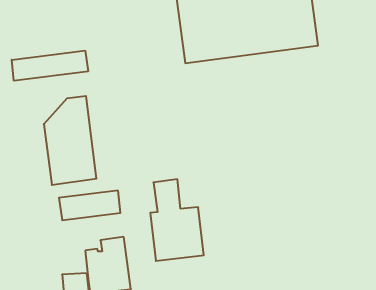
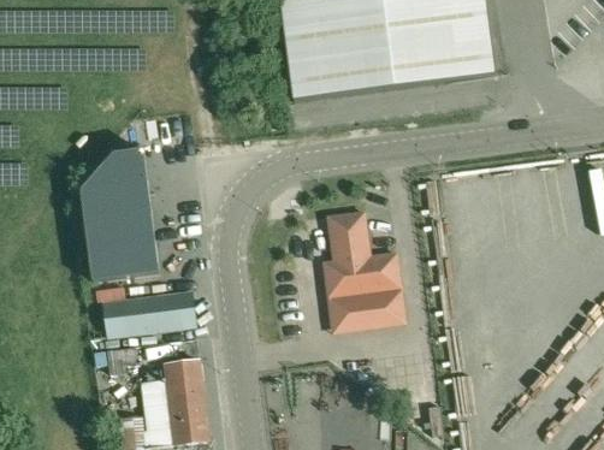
building: [12,51,88,81] -> none
building: [150,179,204,261] -> [324,209,404,332]

